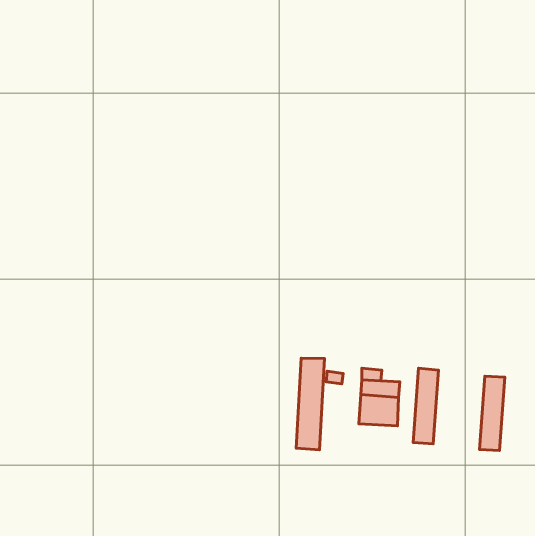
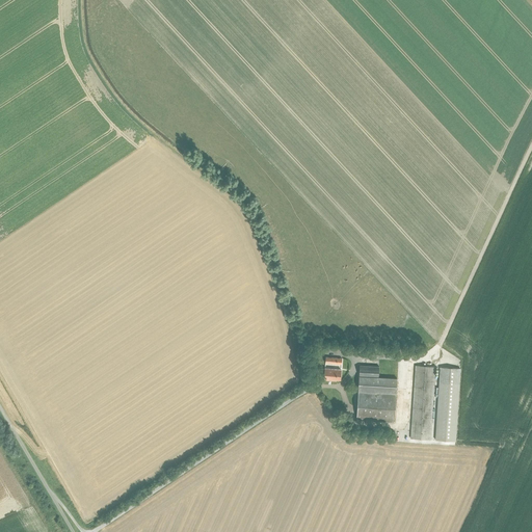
building: [296,358,325,450] -> none
building: [480,376,505,451] -> [434,367,459,441]

